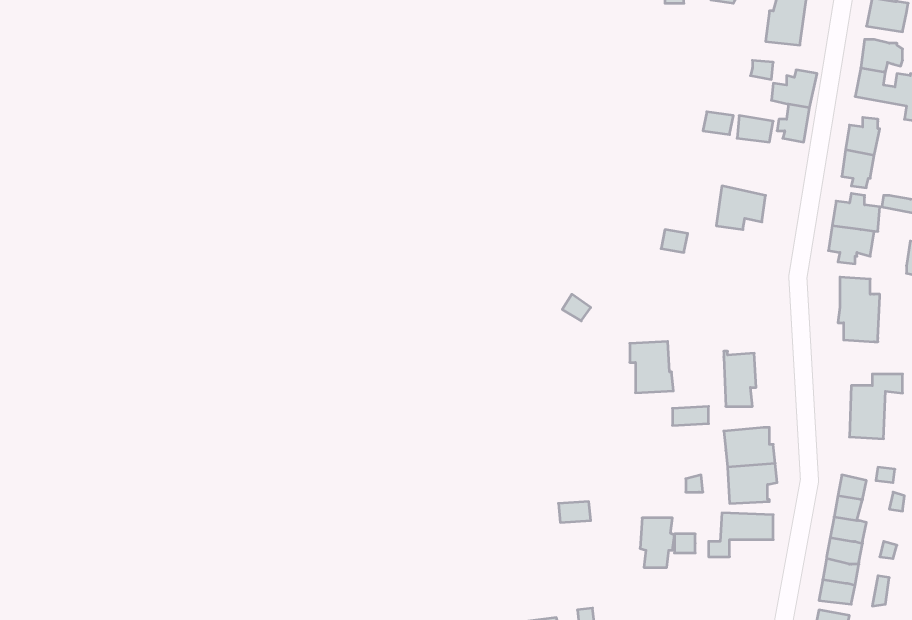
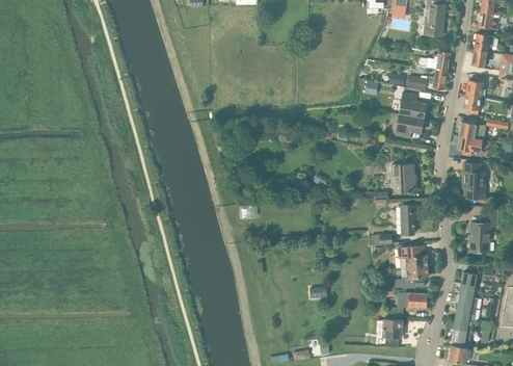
building: none -> [399,93,426,119]
building: [630,341,673,393] -> [393,164,416,192]
building: [640,518,674,567] -> [383,319,402,346]

